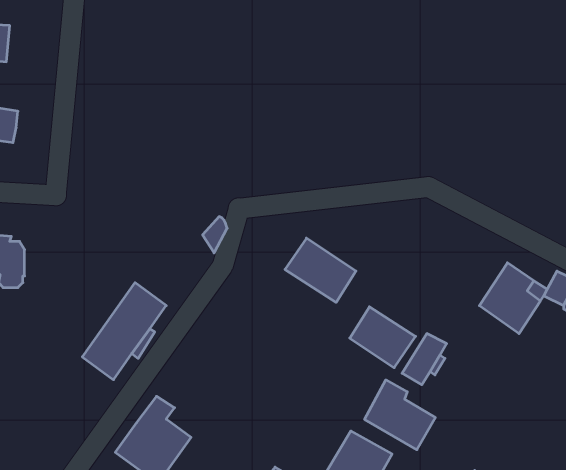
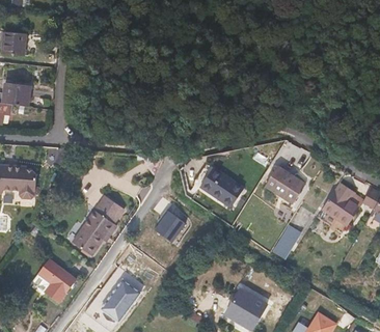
building: [350,307,416,368] -> [265,165,306,203]
building: none -> [156,211,185,240]
building: [365,380,435,450] -> none
building: none -> [38,259,76,302]

